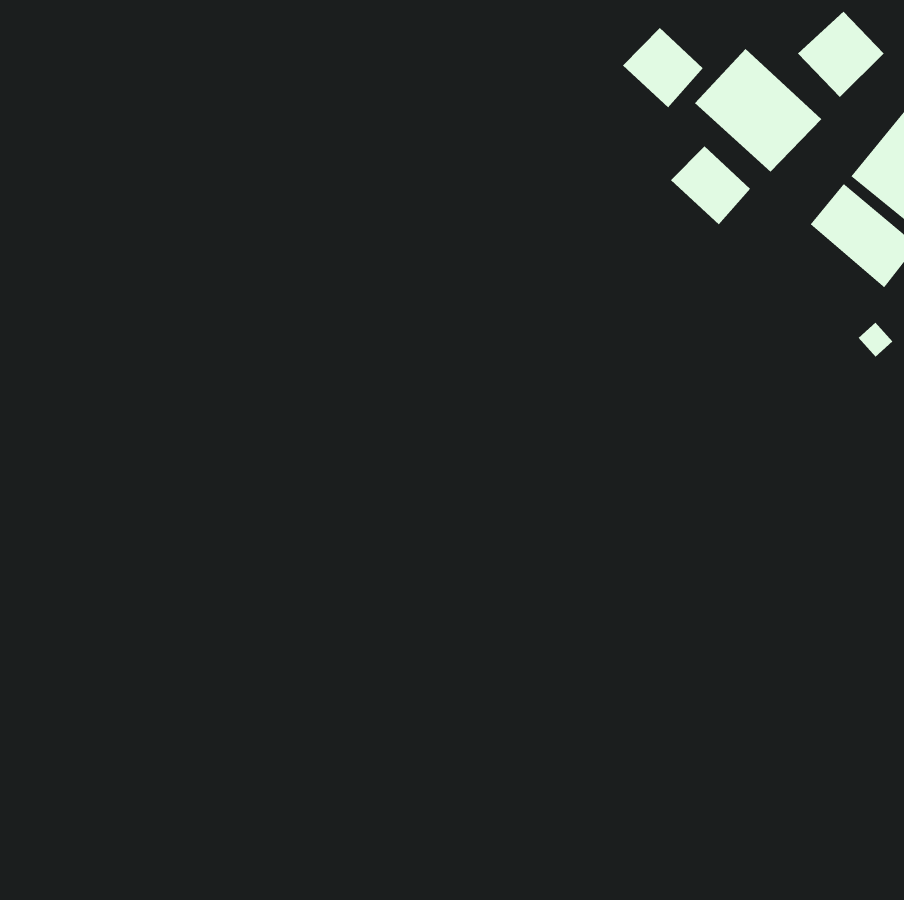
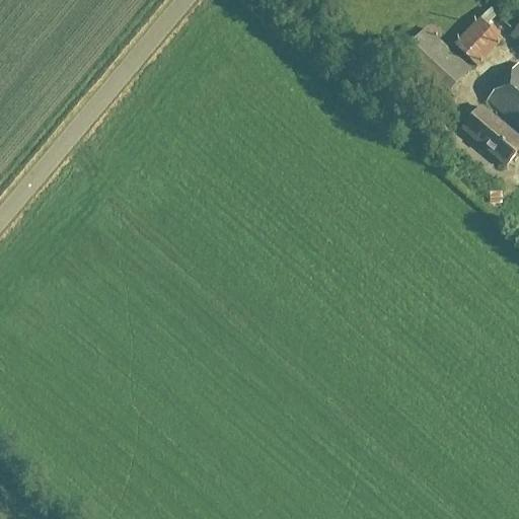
building: [622,27,704,108] -> none
building: [670,146,751,225] -> none

